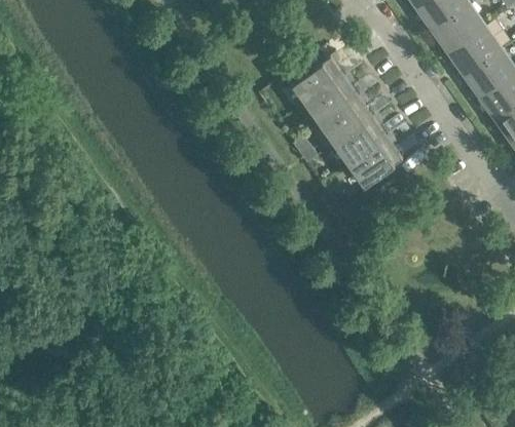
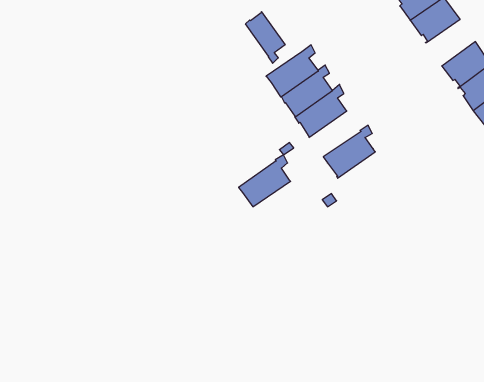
building: none -> [246,12,285,63]
building: [450,28,500,75] -> none
building: [332,114,384,166] -> [239,155,291,207]

